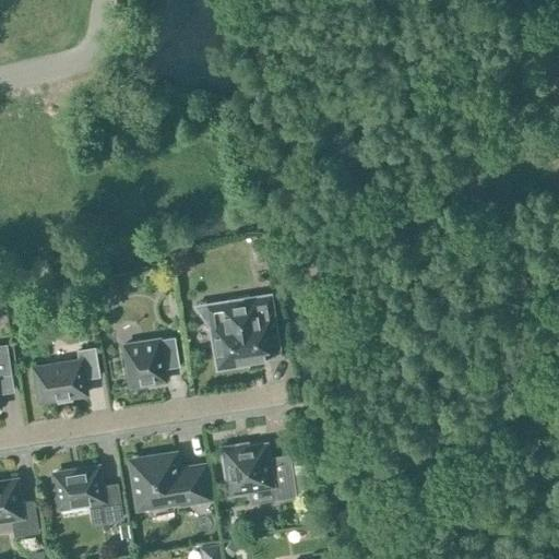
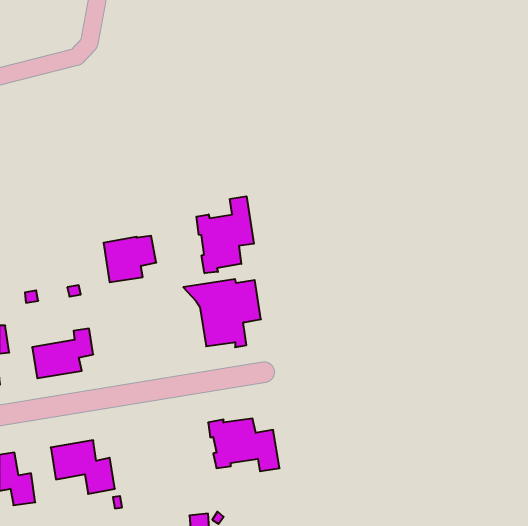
building: none -> [196,196,254,273]
building: [123,338,179,388] -> [103,236,156,282]
building: [131,455,209,508] -> none

